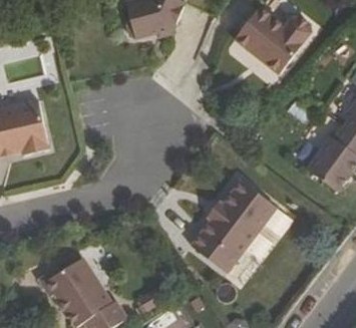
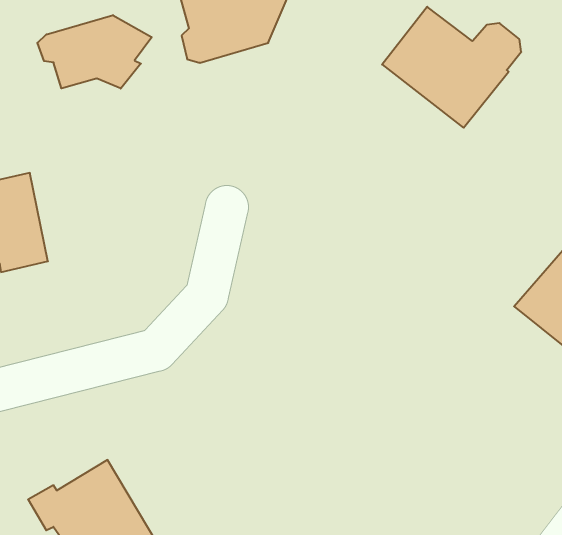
building: none -> [37,15,152,89]
building: [191,180,277,273] -> none

